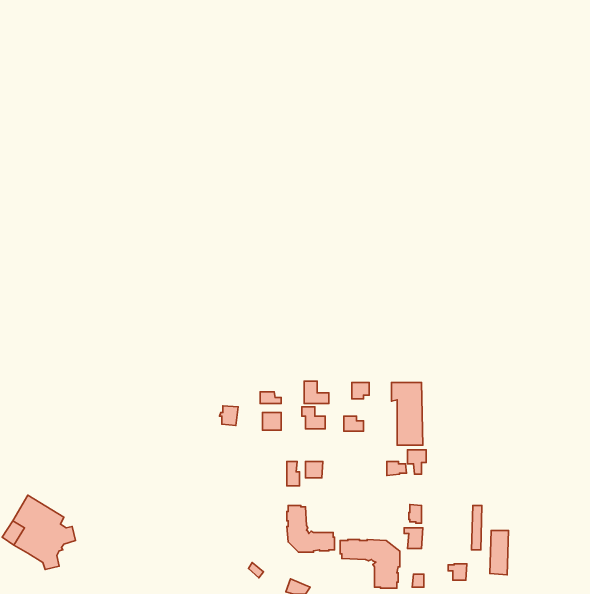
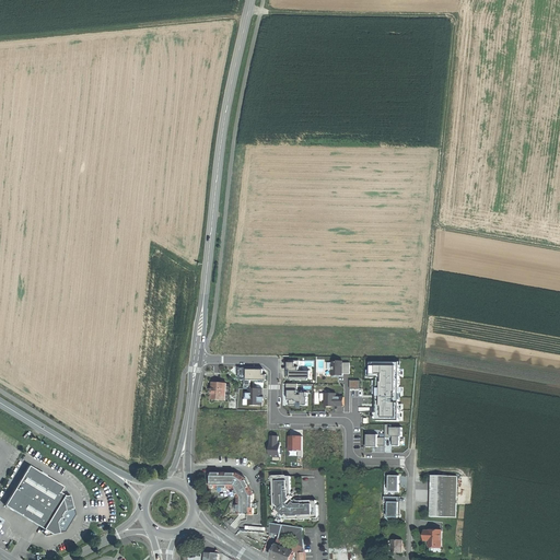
building: none -> [208,470,252,514]
building: [490,531,508,575] -> [428,476,445,517]
building: [340,539,400,588] -> none

